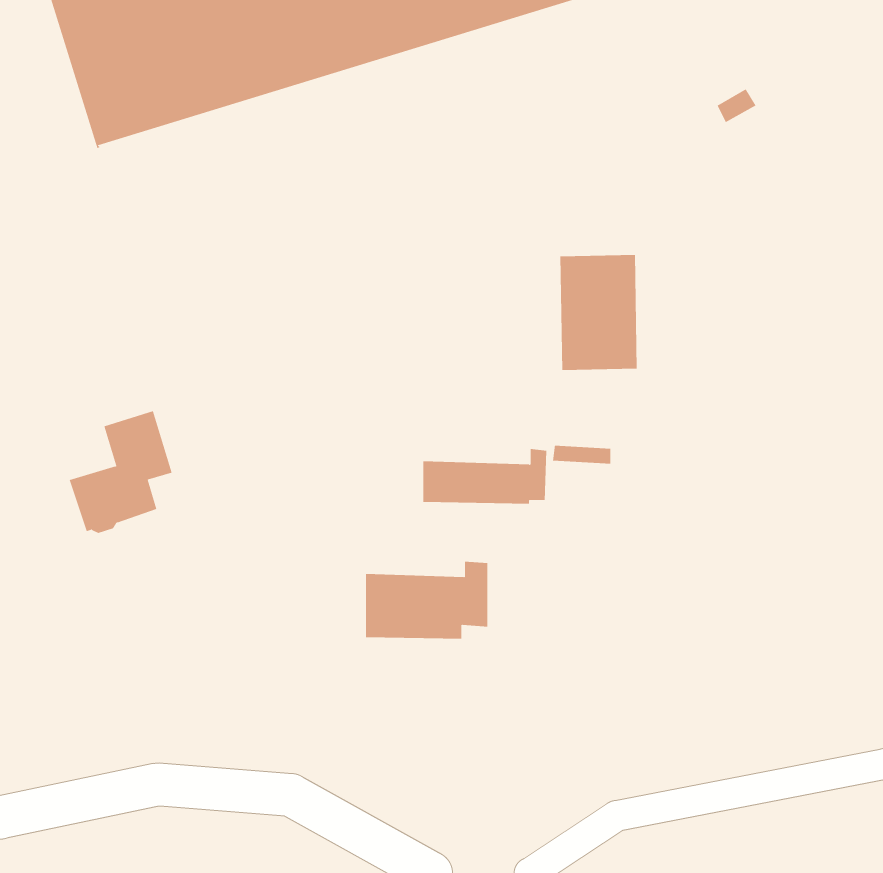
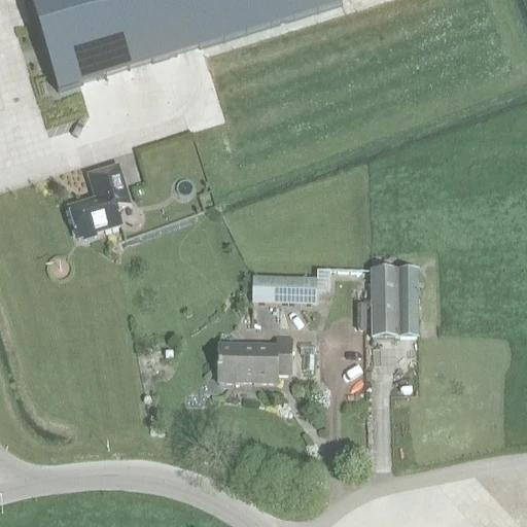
building: [560,254,638,371] -> [371,266,417,335]
building: [69,411,173,534] -> [68,163,130,236]

